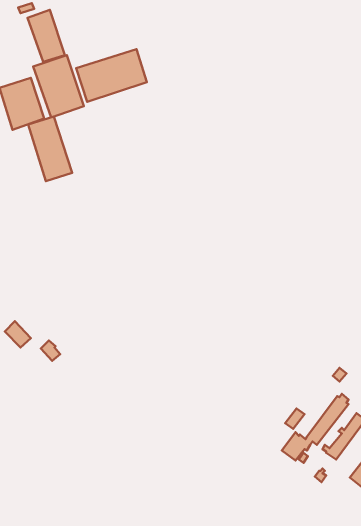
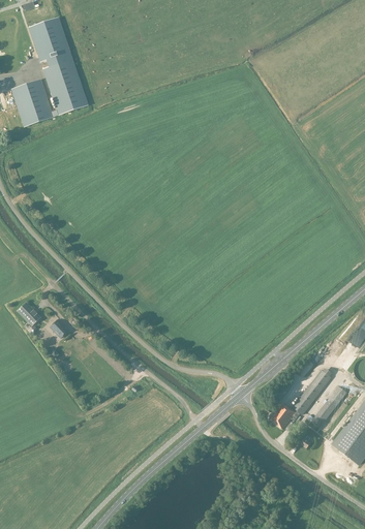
building: [76,49,147,102] -> none
building: [28,117,72,181] -> none

